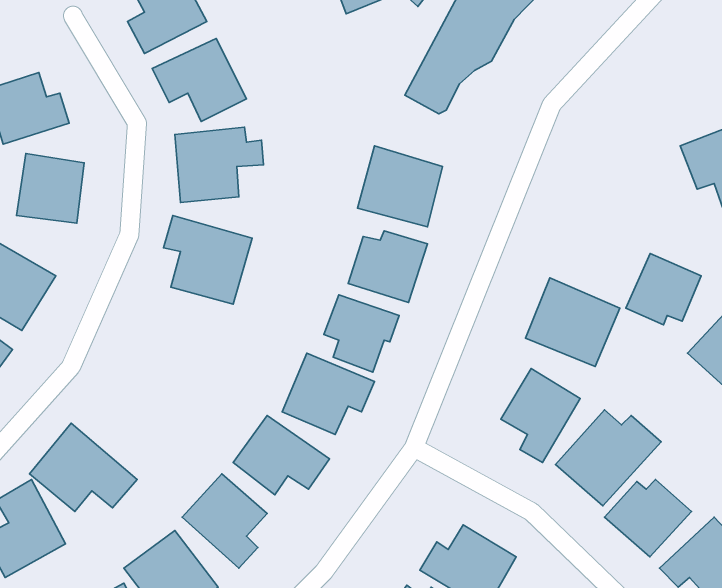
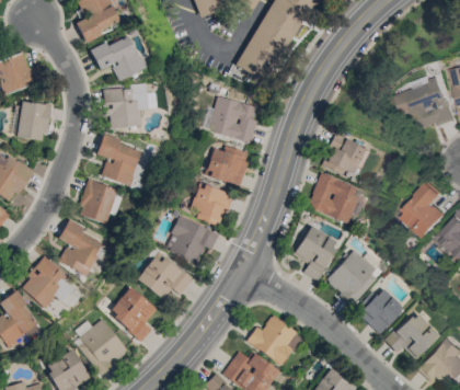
building: [626,253,701,325] -> [321,134,365,175]
building: none -> [77,180,120,225]
building: none -> [58,220,104,275]

